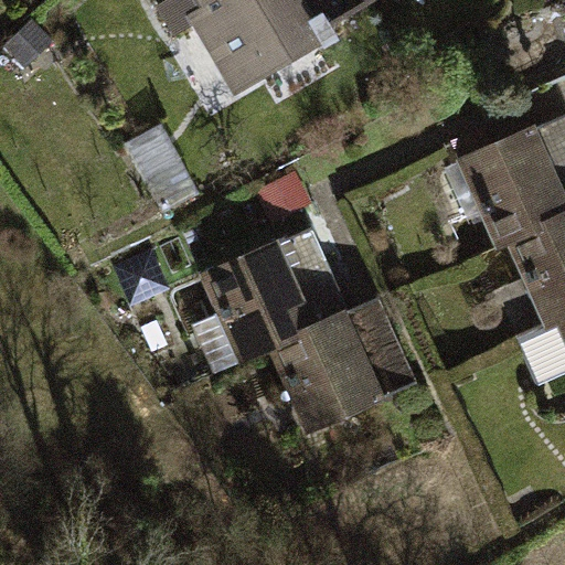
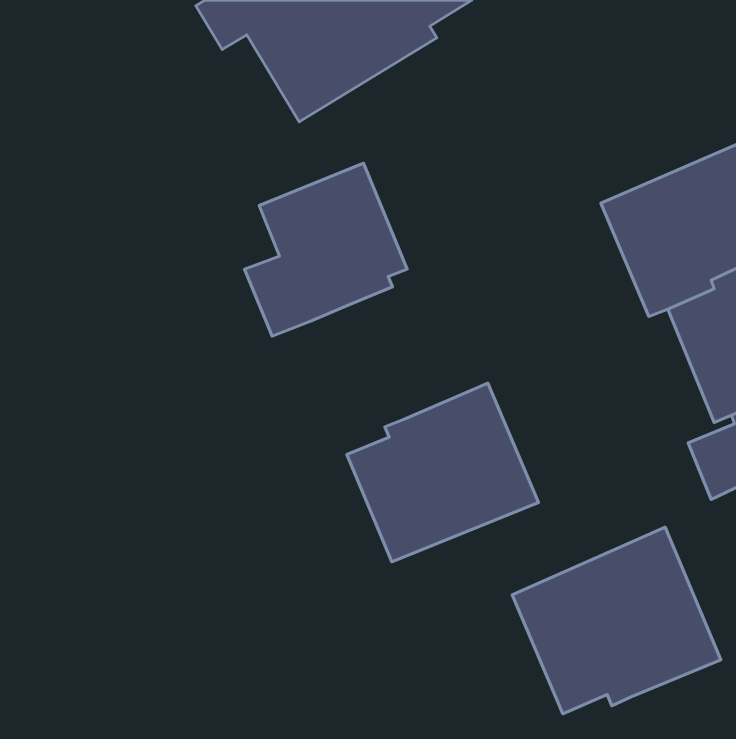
building: [188,241,311,372] -> [245,163,407,336]
building: none -> [512,527,721,714]

